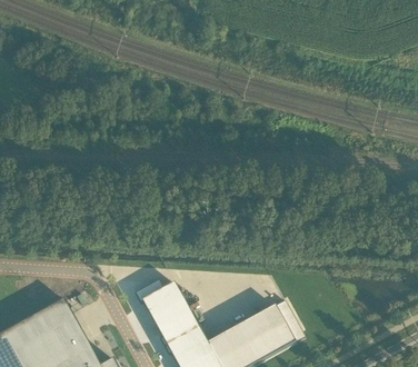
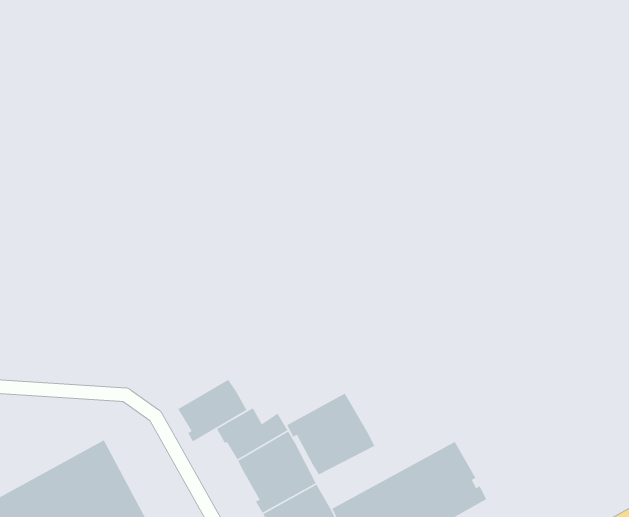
building: none -> [177,379,247,442]
building: none -> [286,392,376,475]

